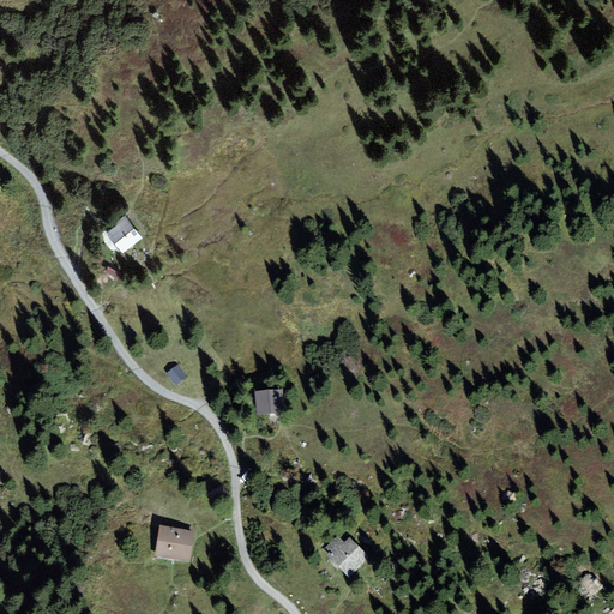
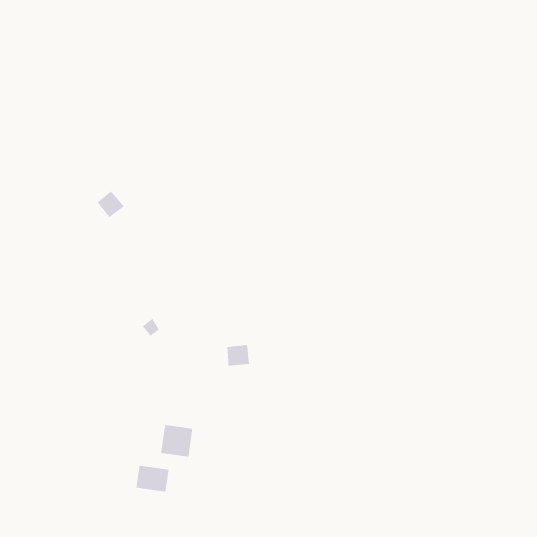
building: none -> [160,424,193,458]
building: [327,540,365,574] -> none

